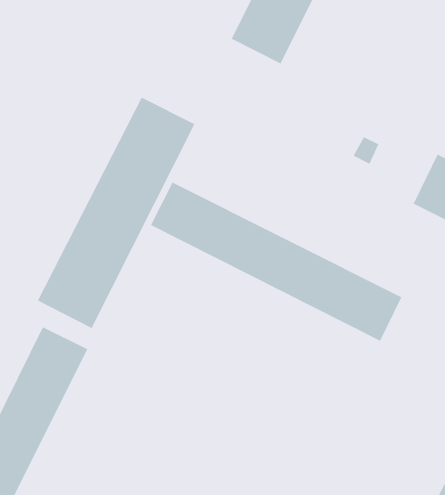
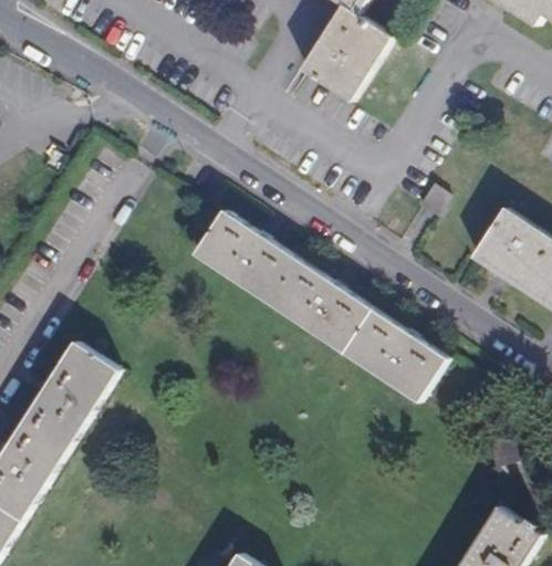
building: [37,97,195,329] -> none

